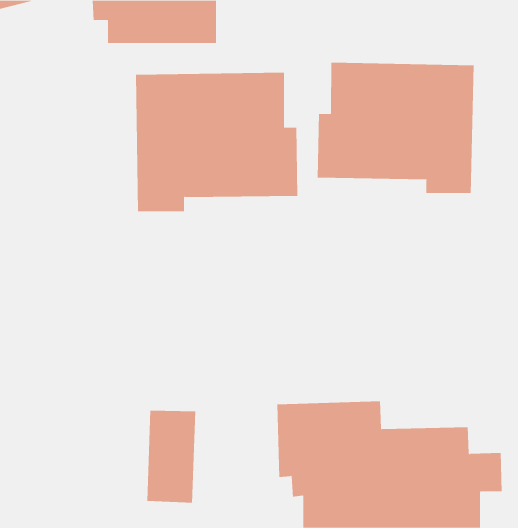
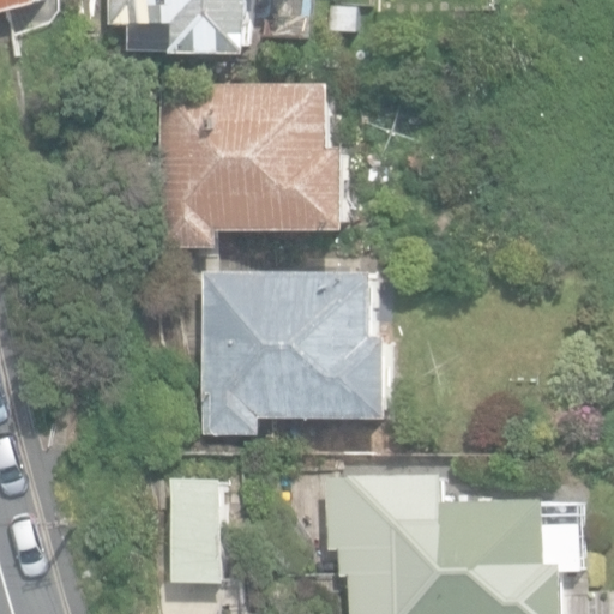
building: [317,62,474,194] -> none
building: none -> [199,273,389,438]

